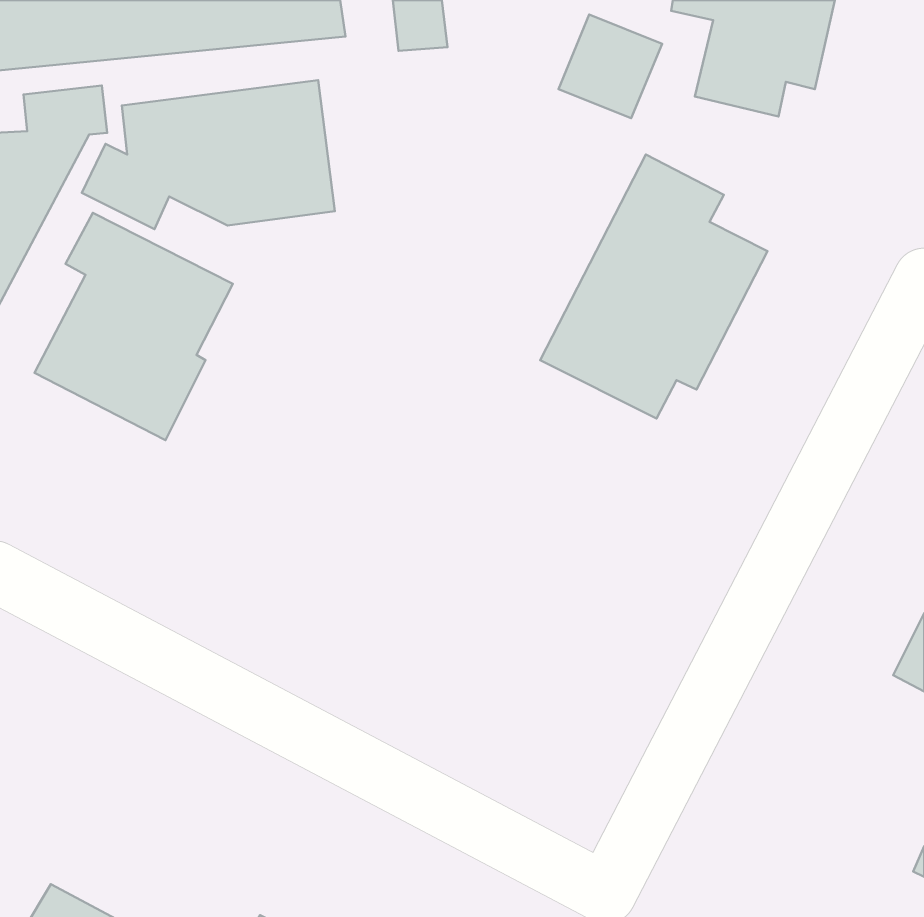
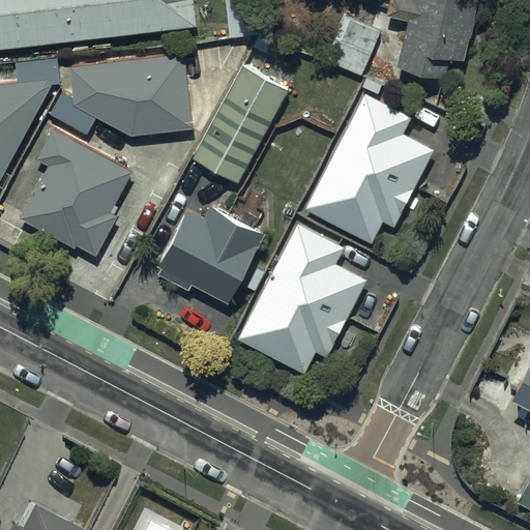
building: none -> [190,64,287,182]
building: none -> [151,204,265,302]
building: none -> [240,226,371,375]

